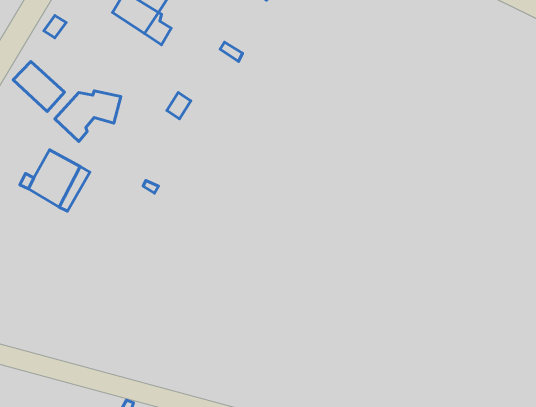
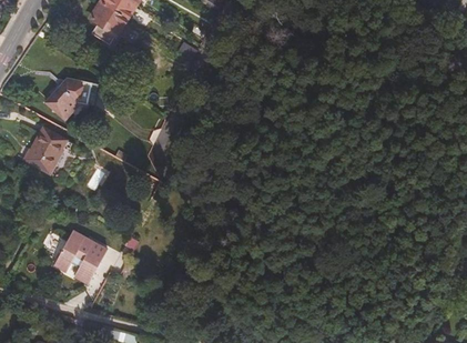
building: [13,62,64,112] -> none
building: none -> [52,231,105,283]

